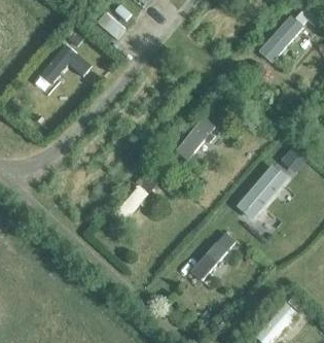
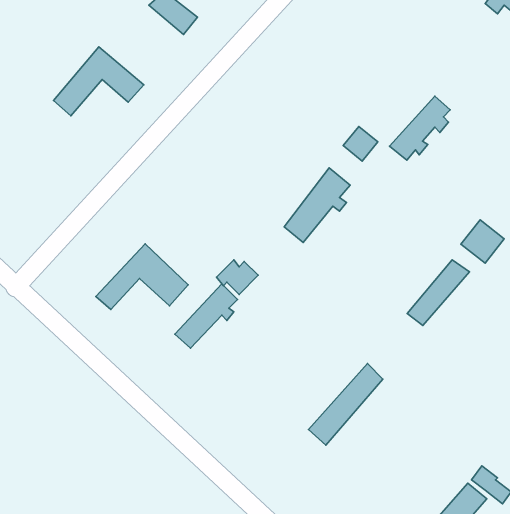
building: [264,21,300,59] -> [390,96,450,160]
building: none -> [96,244,188,309]

